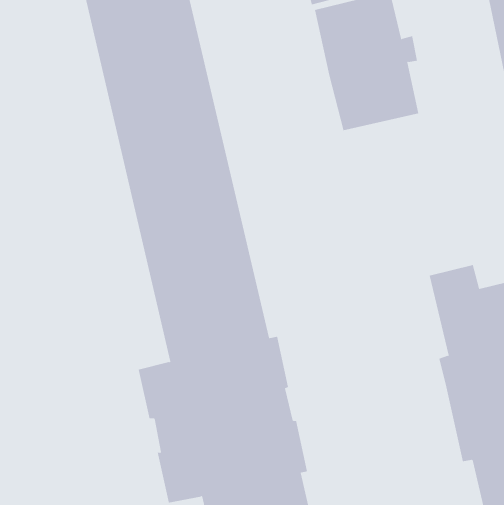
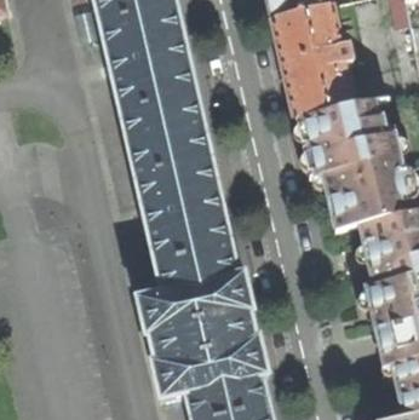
building: none -> [294,97,409,228]

